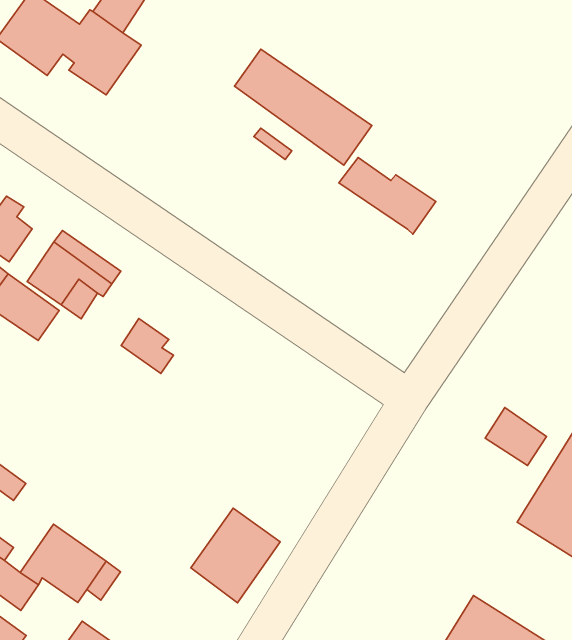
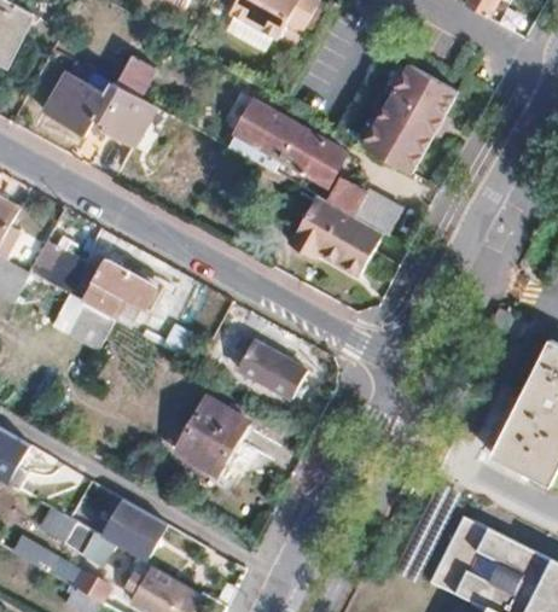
building: none -> [360,64,455,171]
building: none -> [286,194,380,275]
building: none -> [237,340,306,397]
building: [485,407,546,465] -> none
building: [191,508,280,603] -> [175,397,244,472]

